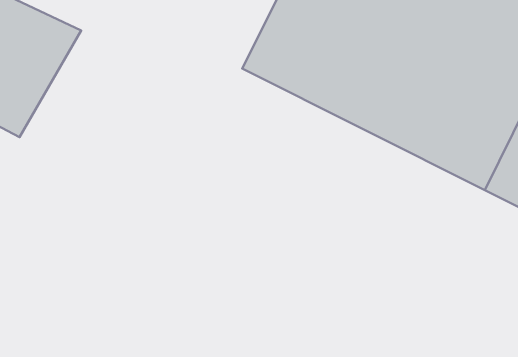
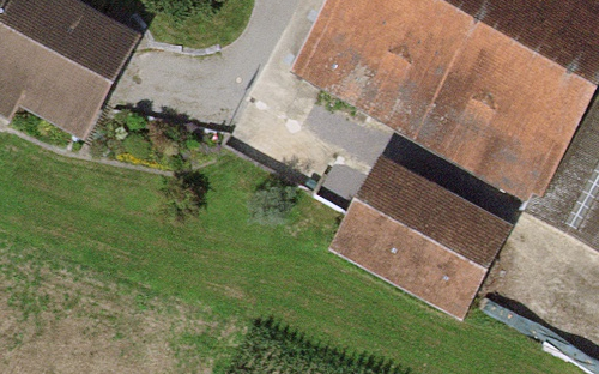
building: none -> [334,153,510,312]

